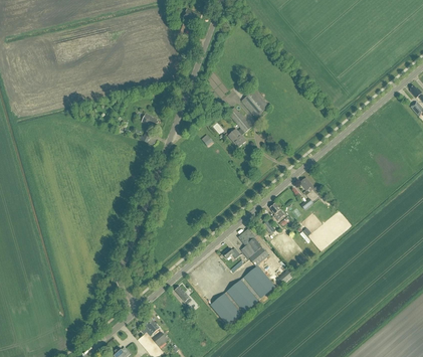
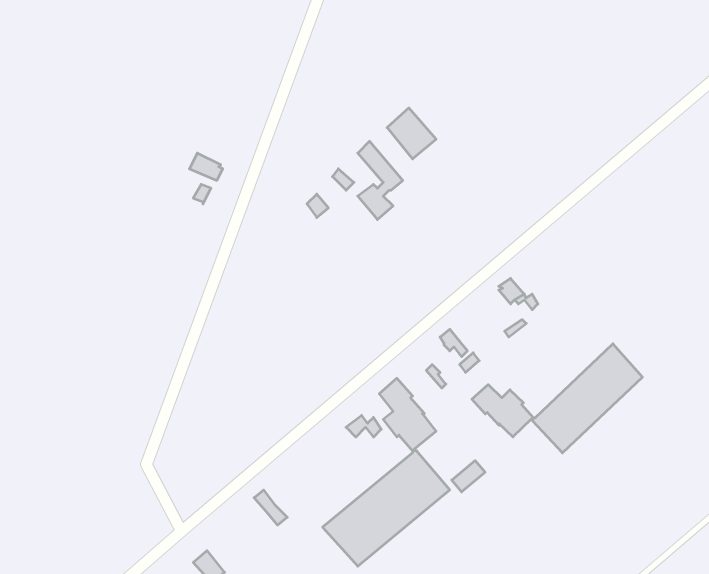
building: none -> [472,344,642,453]

